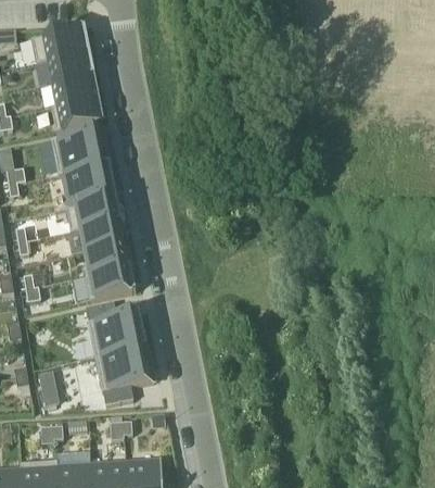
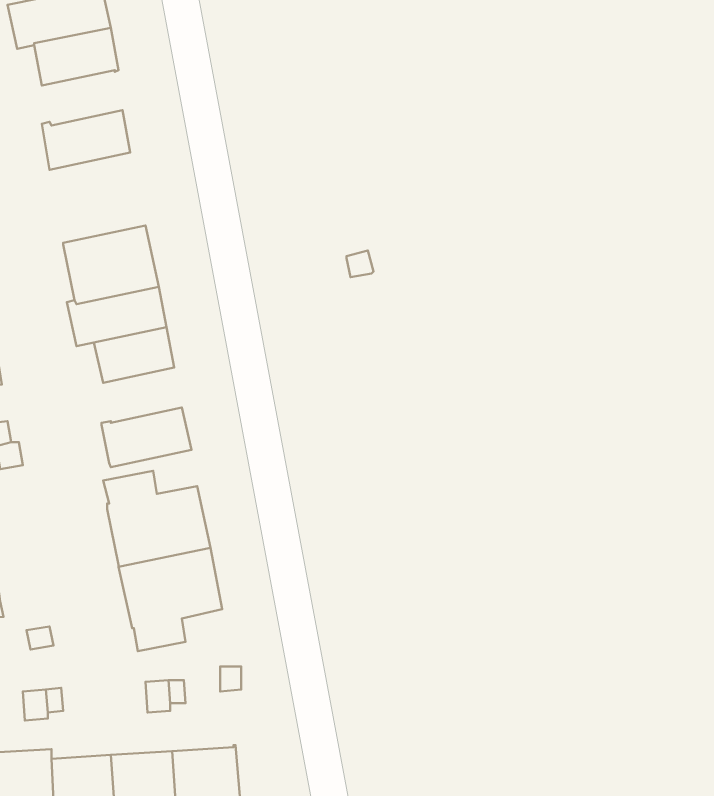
building: [50,74,95,105] -> none
building: [50,127,108,174] -> none
building: [85,242,129,274] -> none

